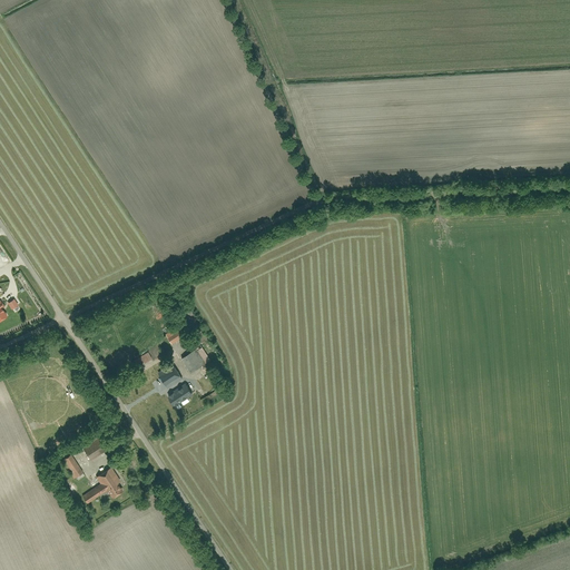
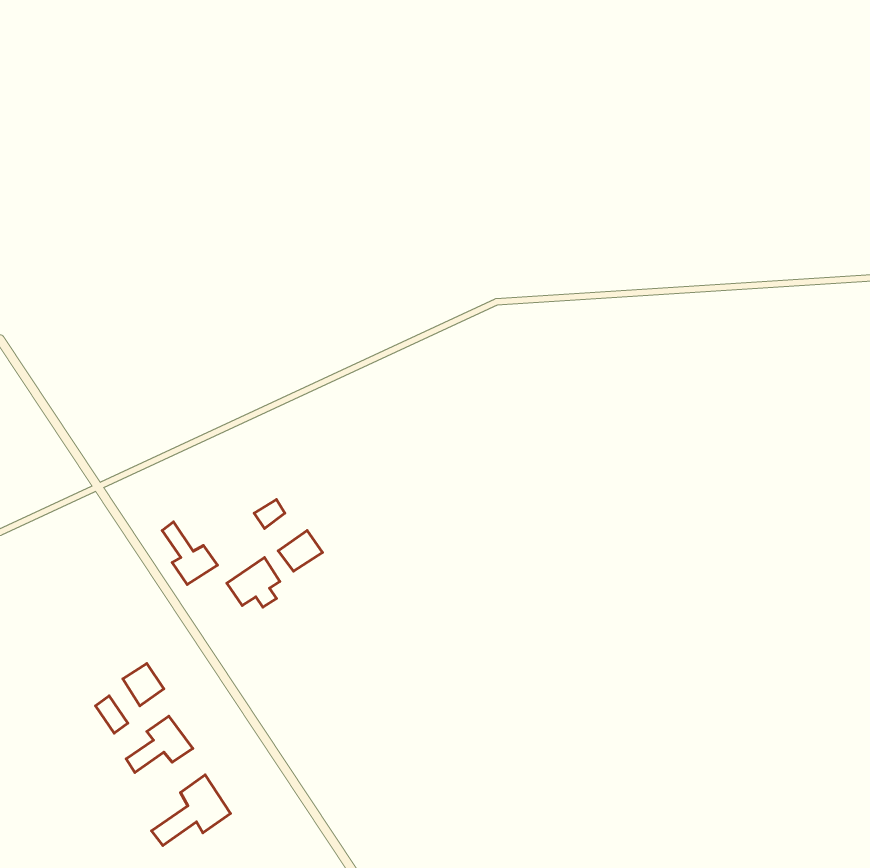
building: none -> [162,522,218,585]
building: none -> [151,775,230,845]

